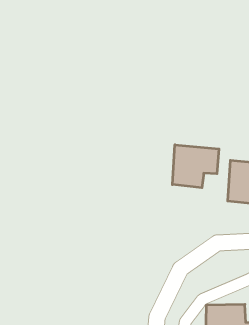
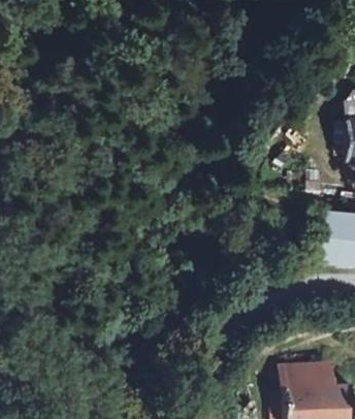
building: [172,145,219,188] -> none

